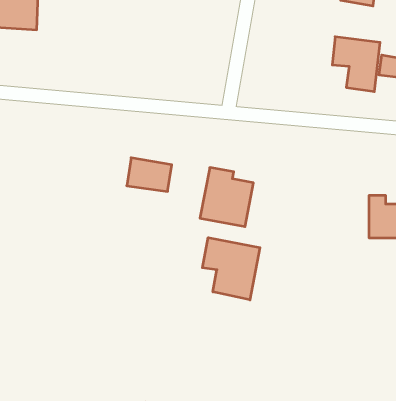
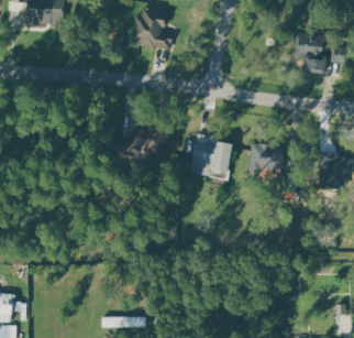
building: none -> [131,10,172,48]
building: none -> [246,143,284,173]
building: [202,238,260,300] -> none

